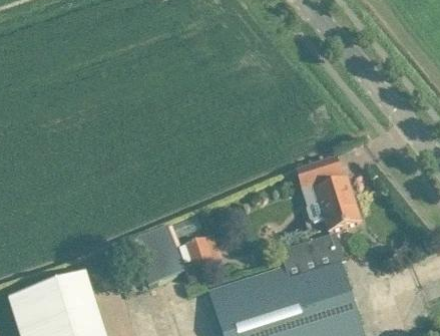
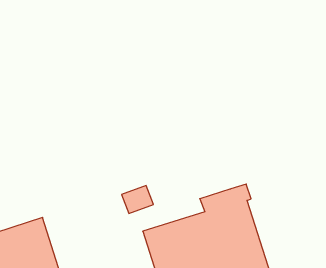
building: [295,156,360,230] -> none

